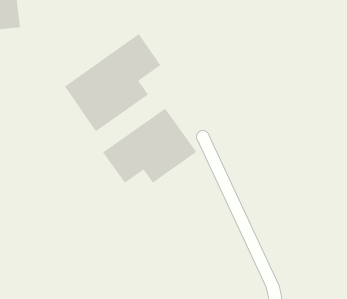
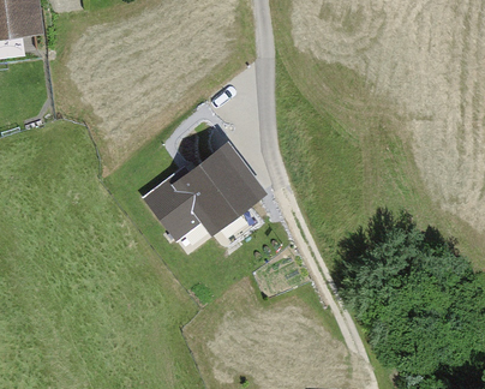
building: [64,33,161,132] -> none

